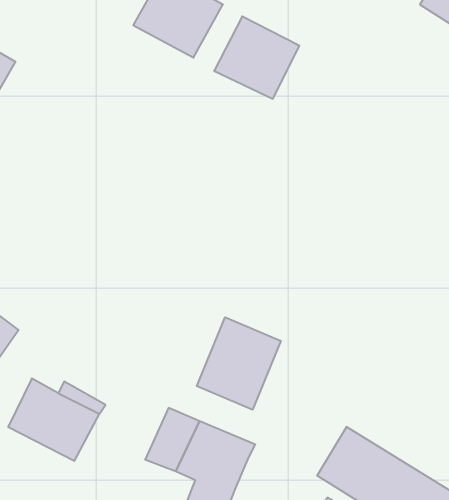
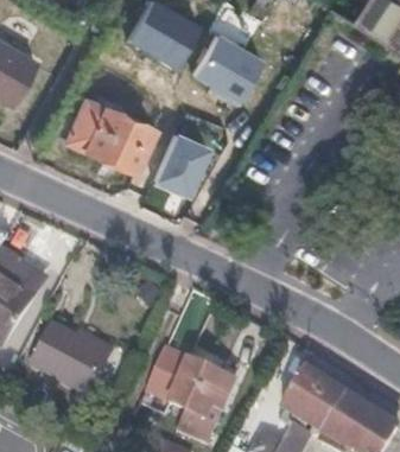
building: none -> [53,90,154,168]
building: none -> [151,122,229,206]
building: [197,317,281,410] -> none

